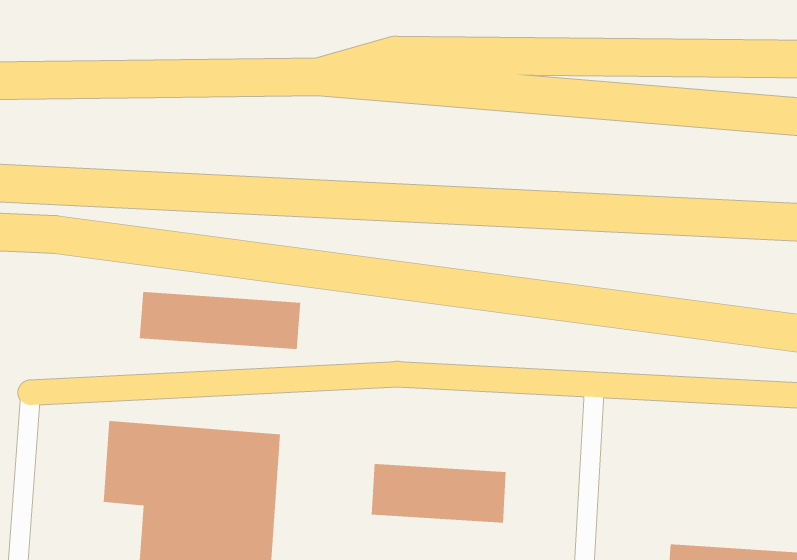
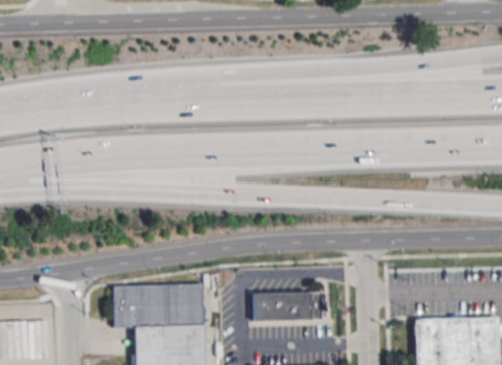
building: [139,291,301,350] -> none

